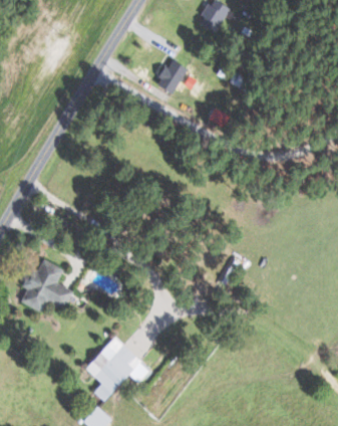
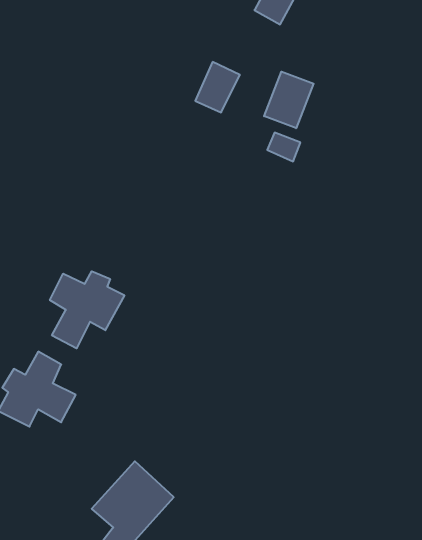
building: none -> [264,72,314,128]
building: none -> [50,271,124,348]

